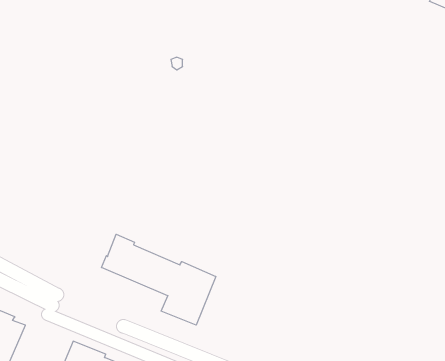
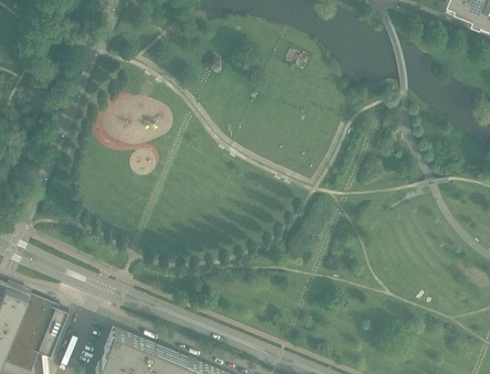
building: [102,234,216,325] -> none

